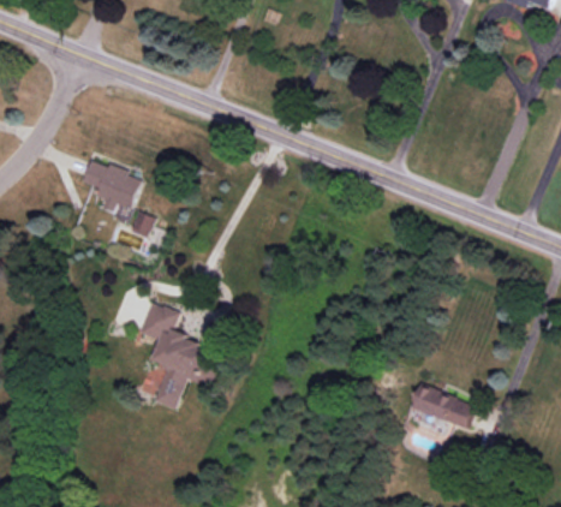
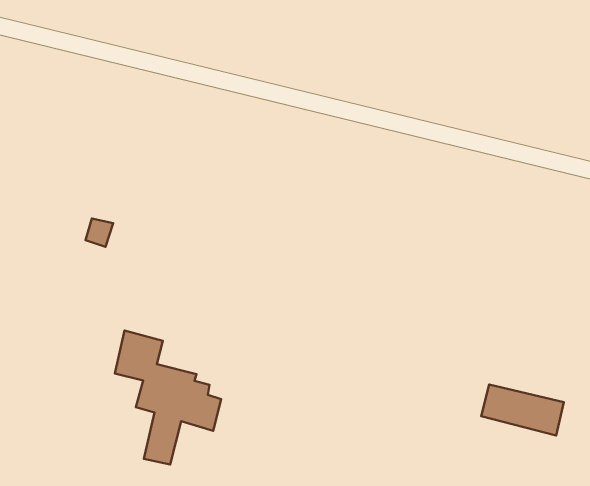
building: [85,162,143,213] -> none

